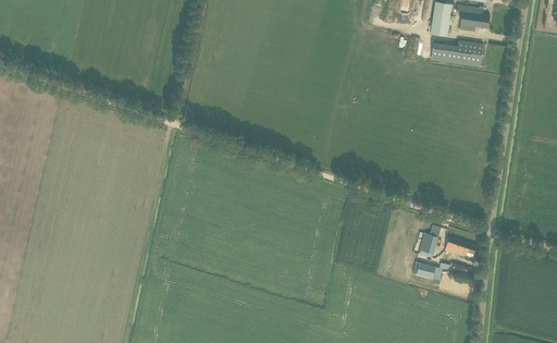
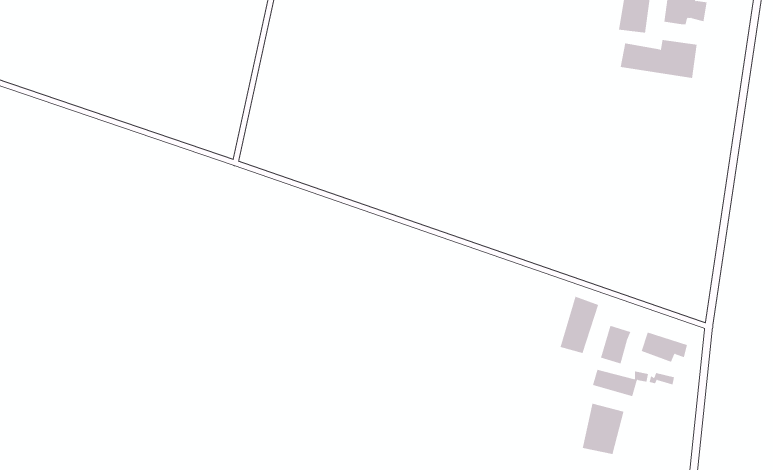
building: none -> [560,296,599,354]
building: none -> [582,403,624,455]

